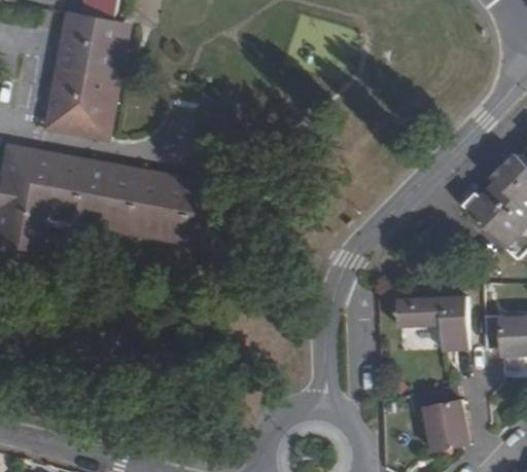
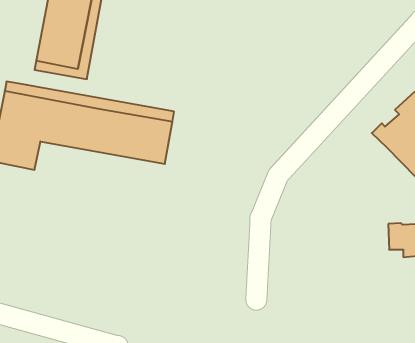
building: [396,299,467,351] -> none
building: [422,387,468,453] -> none

